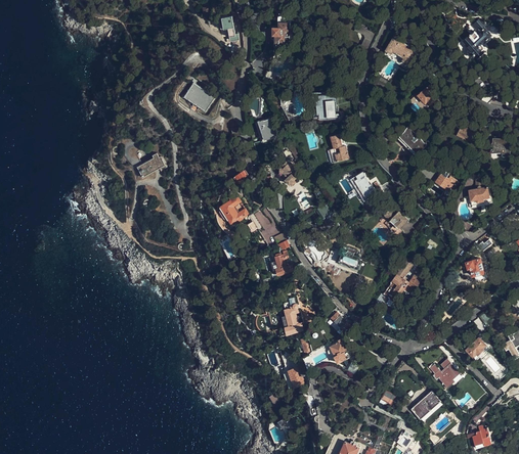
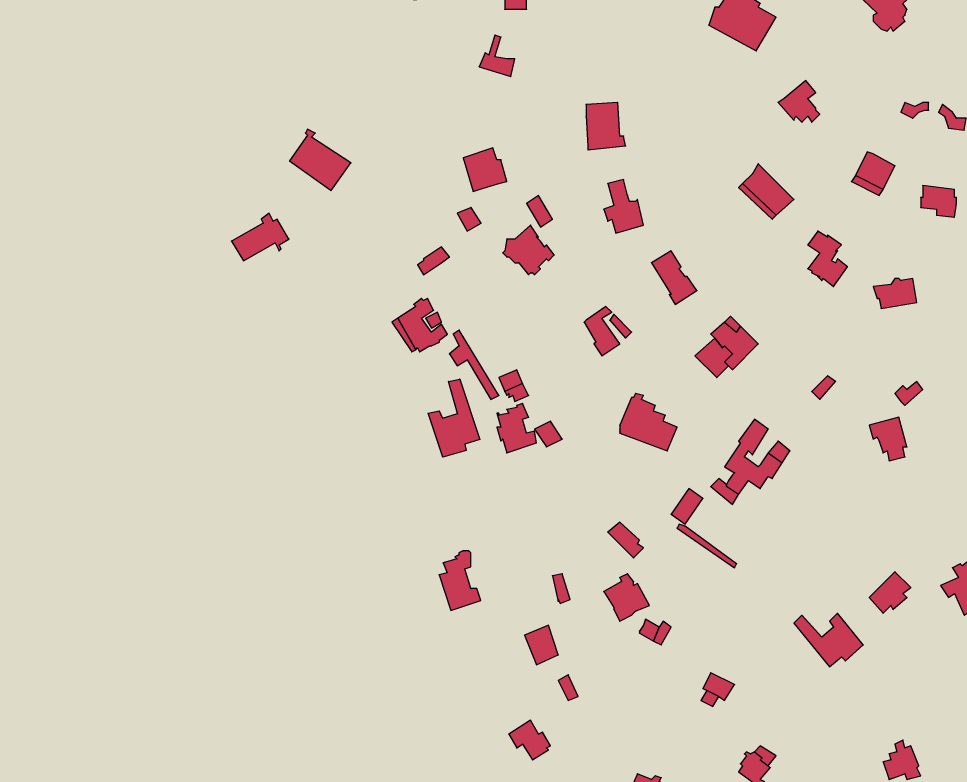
building: [183,80,215,111] -> [290,129,351,191]
building: none -> [428,379,480,457]
building: [282,304,303,334] -> [439,551,481,610]
building: [410,392,442,421] -> none

